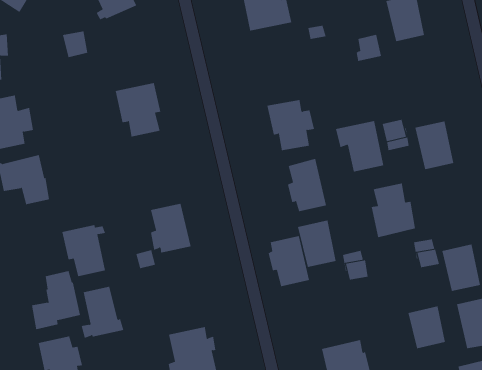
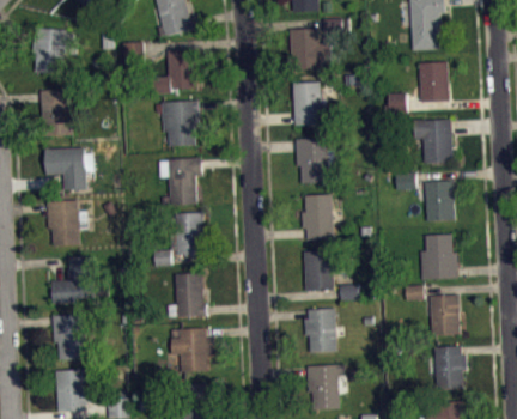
building: none -> [153,50,196,93]
building: none -> [292,83,333,125]
building: [335,120,384,172] -> [413,120,451,163]
building: none -> [158,158,201,205]
building: [371,183,416,238] -> [419,235,456,280]
building: [62,225,106,277] -> [45,201,85,245]
building: [268,236,310,287] -> [303,309,336,352]
building: [81,286,124,338] -> [168,274,206,317]
building: [408,305,446,349] -> none

